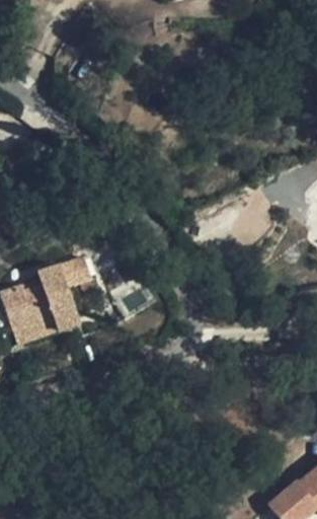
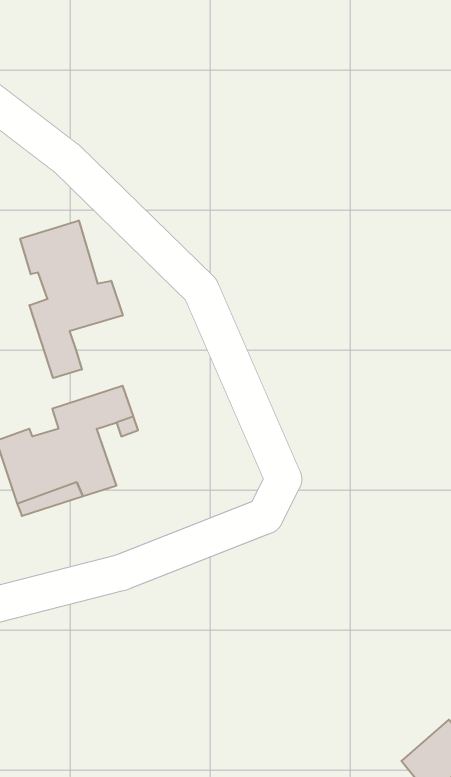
building: none -> [20,220,123,378]

